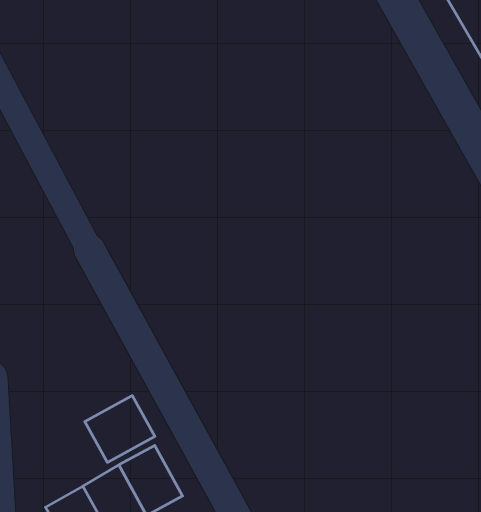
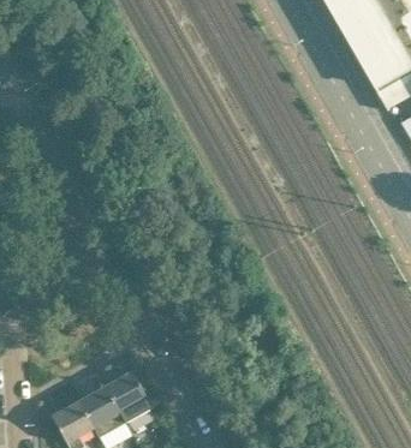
building: [85,396,155,462] -> none

